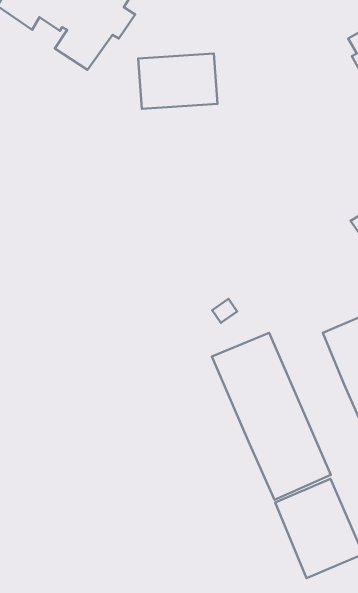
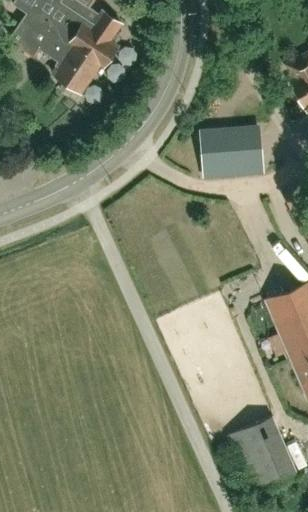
building: [138,54,217,109] -> [200,132,263,176]
building: [212,333,331,500] -> none

